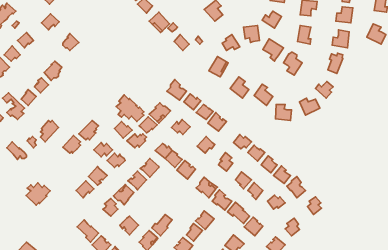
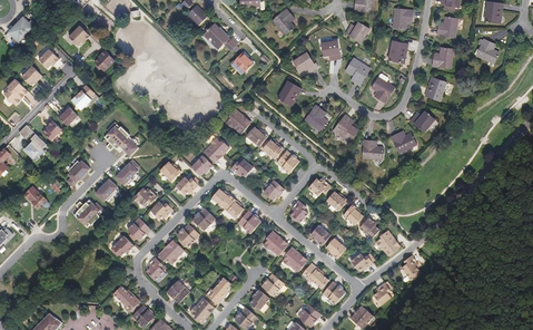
building: [116,95,144,122] -> [103,122,138,155]
building: [26,183,50,205] -> [73,198,103,226]

